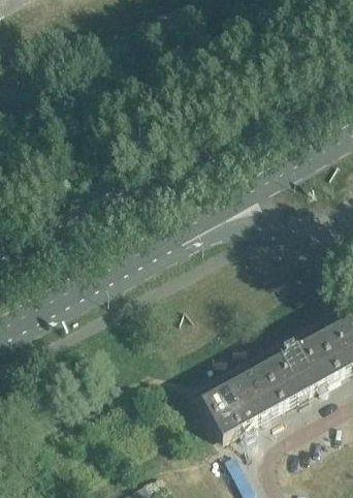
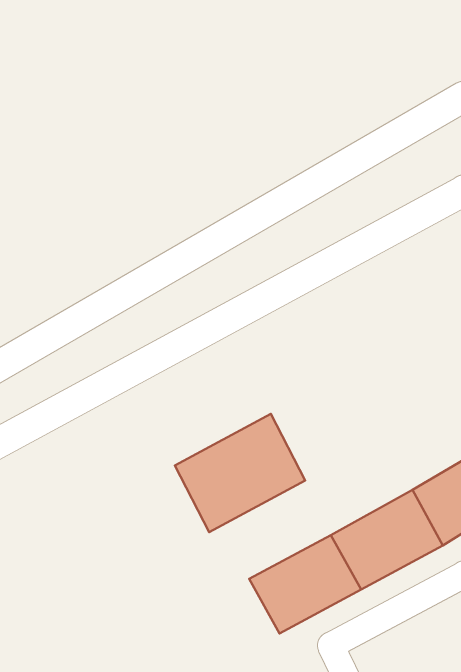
building: none -> [175,414,305,532]

